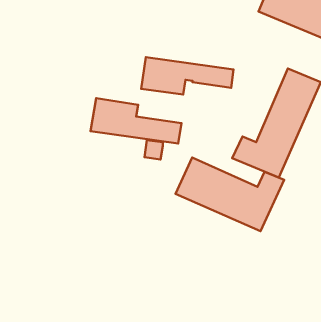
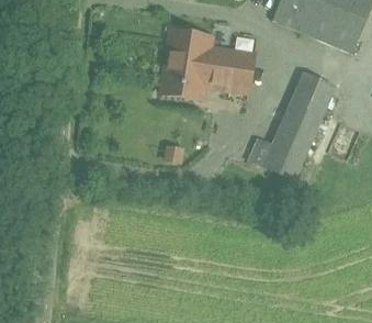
building: [91,98,181,144] -> [166,30,253,74]
building: [175,157,284,231] -> none

